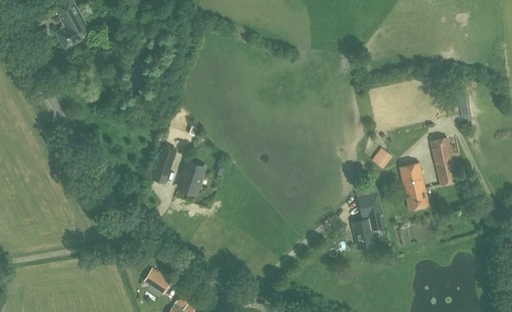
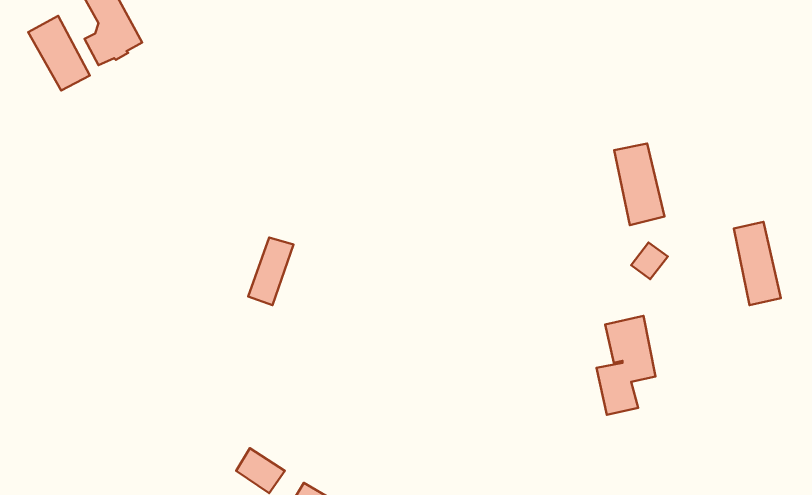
building: none -> [28,16,90,90]
building: [177,163,203,194] -> none
building: [399,163,428,210] -> [614,143,665,225]

